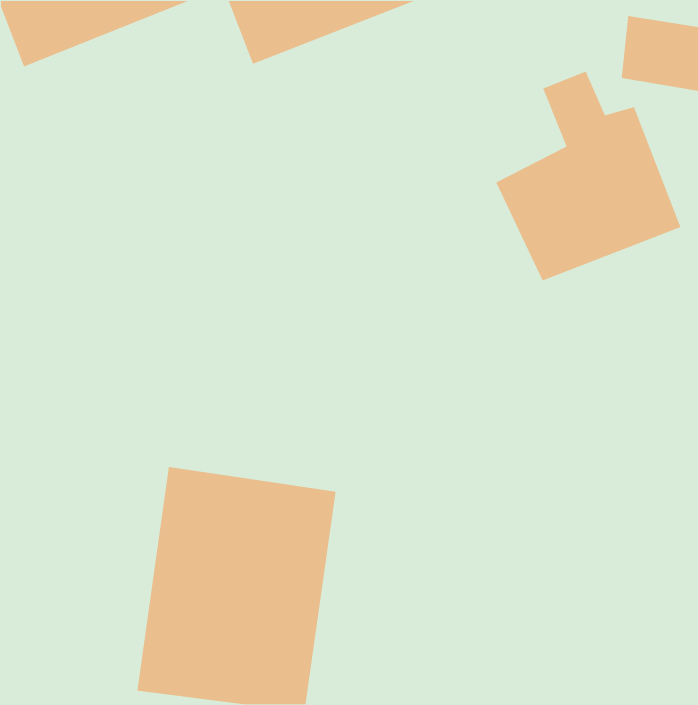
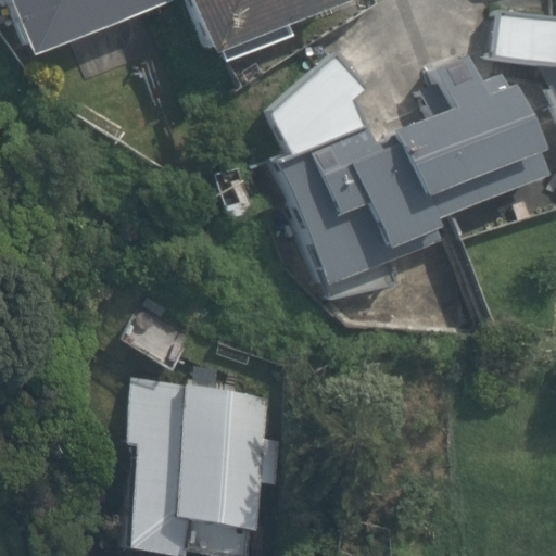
building: none -> [274,56,446,296]

